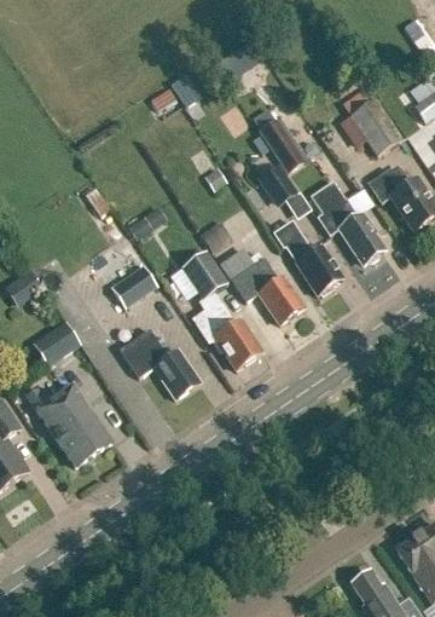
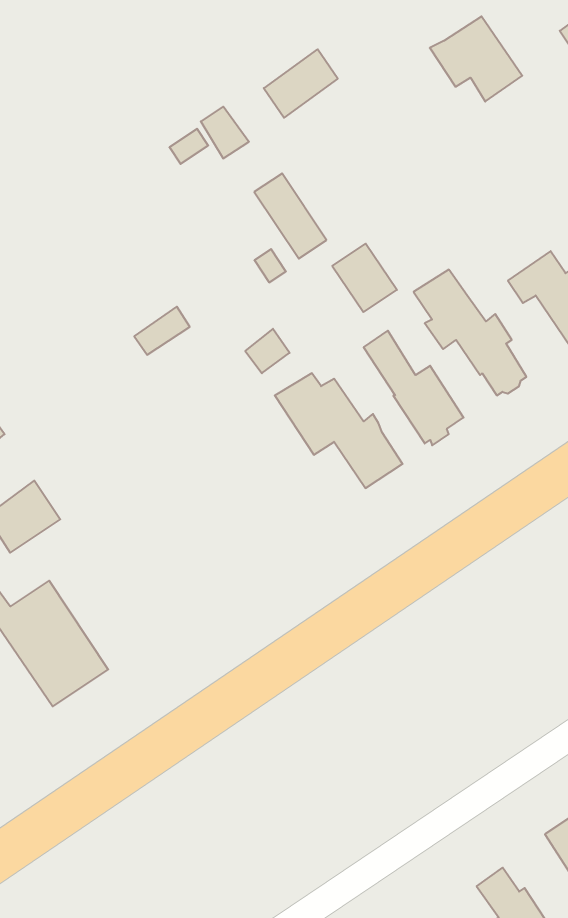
building: [342,98,402,154] -> [430,16,522,102]
building: [260,116,307,172] -> [254,173,326,259]
building: [181,250,228,299] -> none
building: [111,265,157,301] -> none
building: [193,300,262,370] -> none
building: [120,328,201,398] -> none

